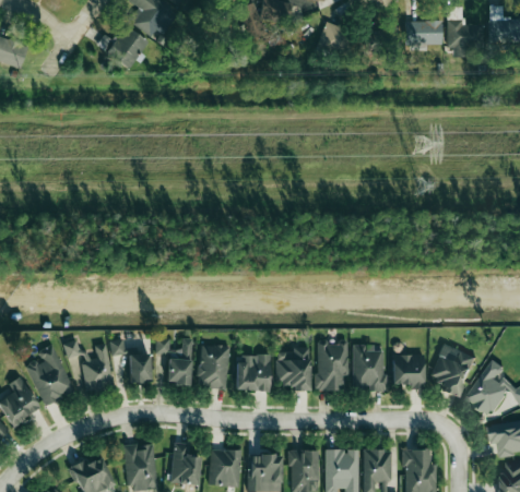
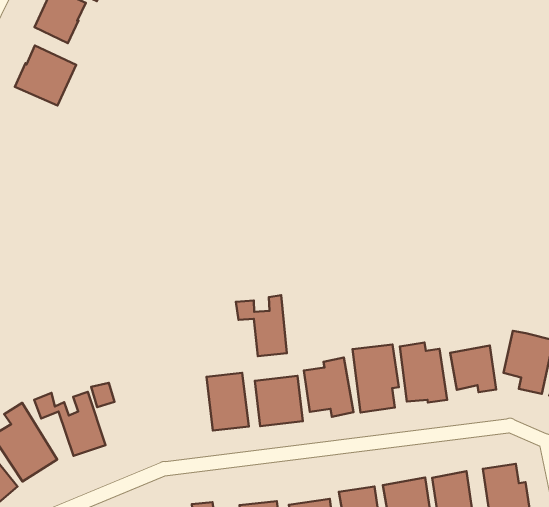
building: none -> [15,46,76,106]
building: [156,339,192,385] -> [236,295,287,356]
building: [129,353,151,383] -> none

